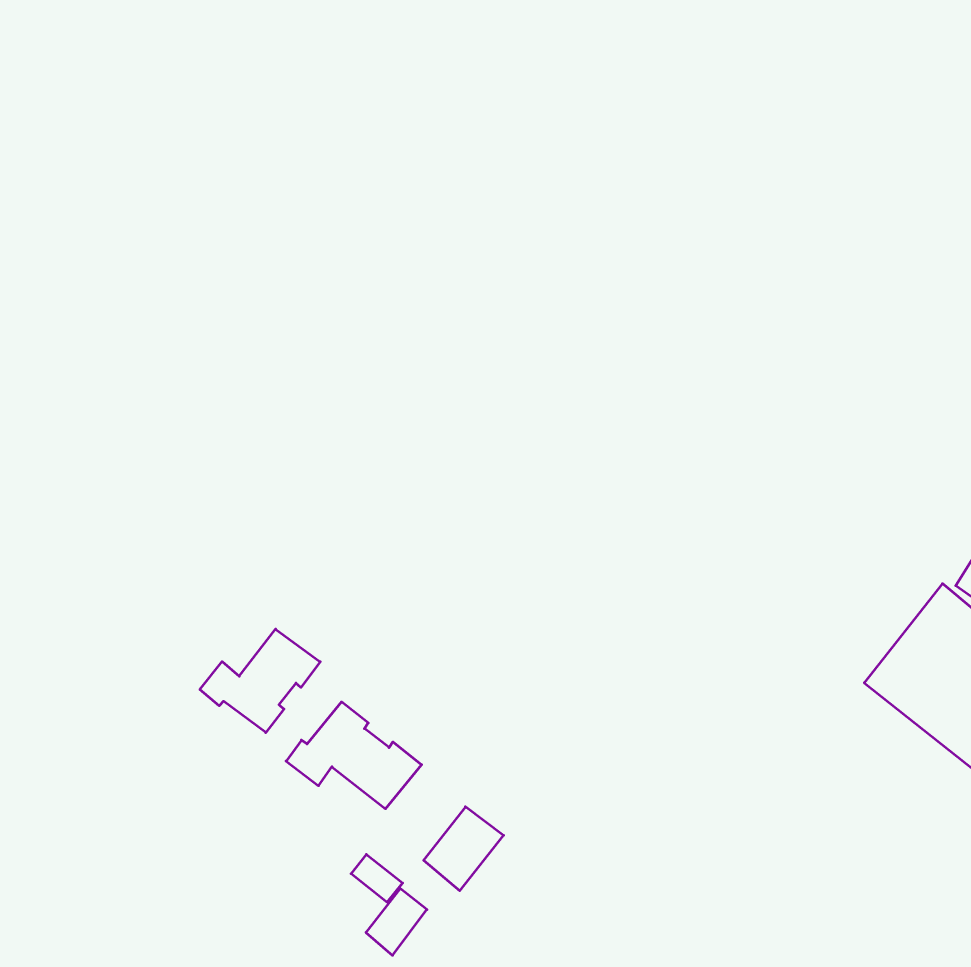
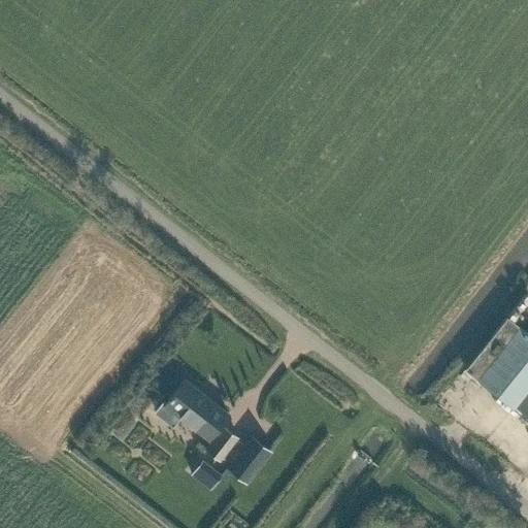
building: [200,629,320,733] -> none
building: [366,889,427,955] -> [207,429,240,465]

